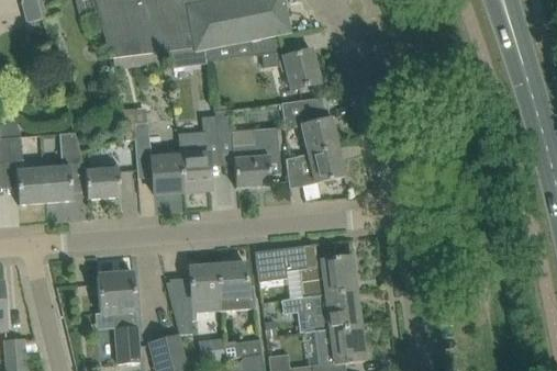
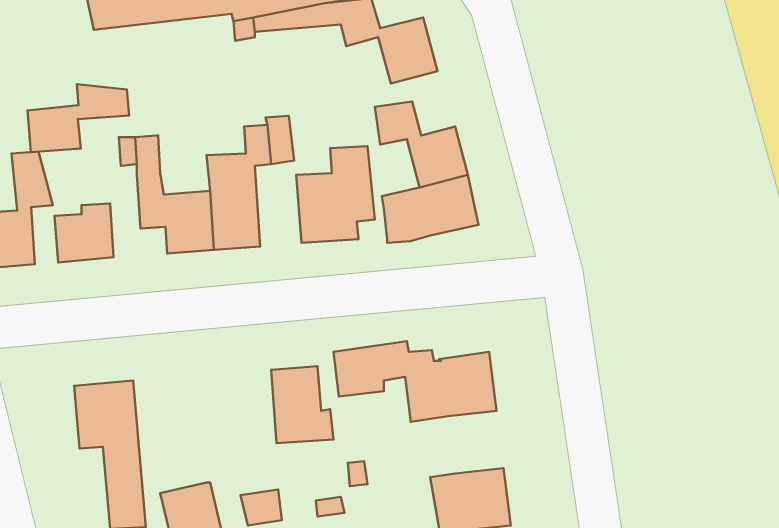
building: none -> [27,84,129,152]
building: [167,265,221,334] -> none
building: [286,290,360,330] -> none

